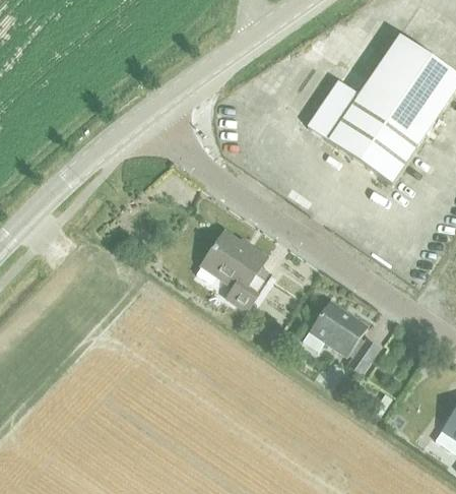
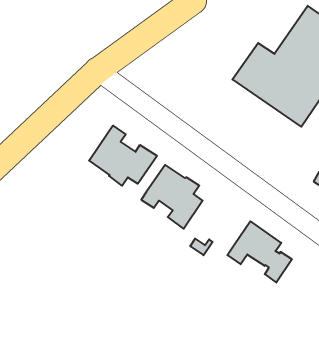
building: none -> [89,126,157,186]

